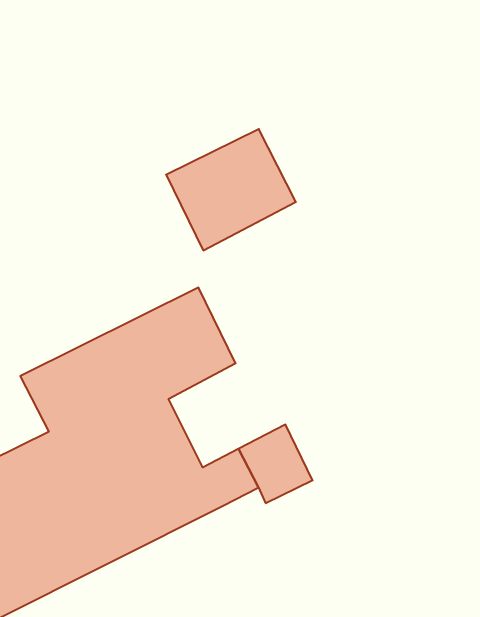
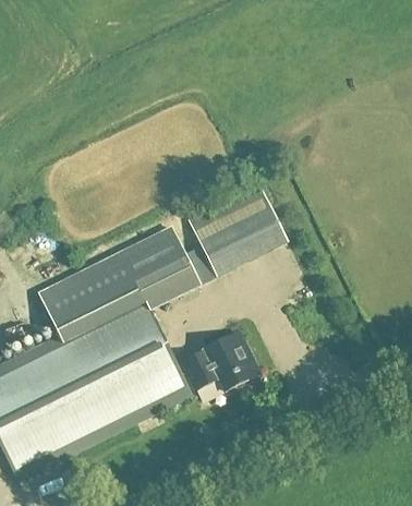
building: [166,129,296,250] -> [187,183,287,276]

